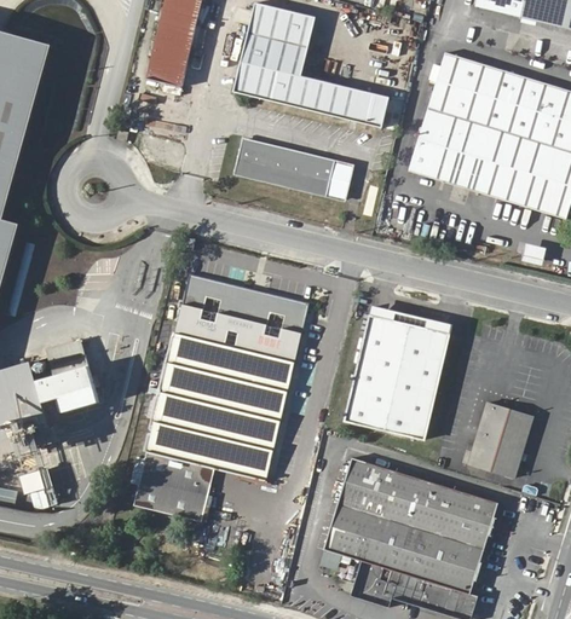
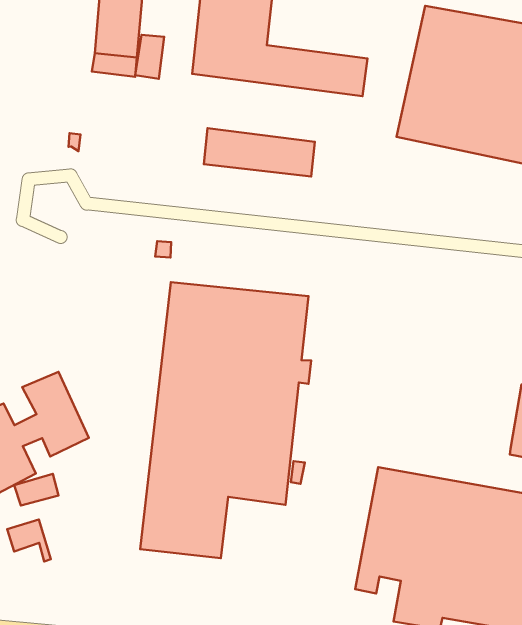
building: none -> [135,35,164,79]
building: [327,163,352,198] -> none
building: [341,311,446,438] -> none
building: none -> [14,474,59,505]

